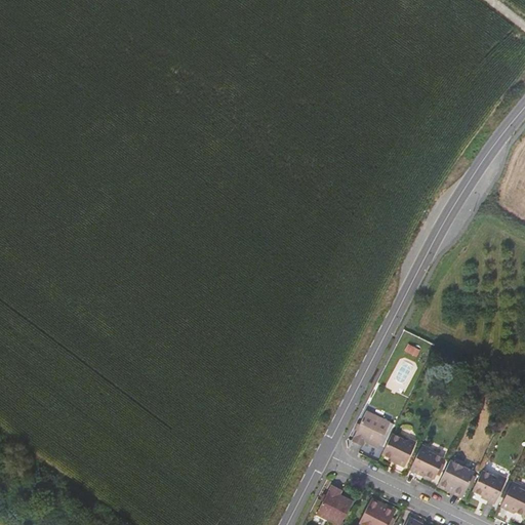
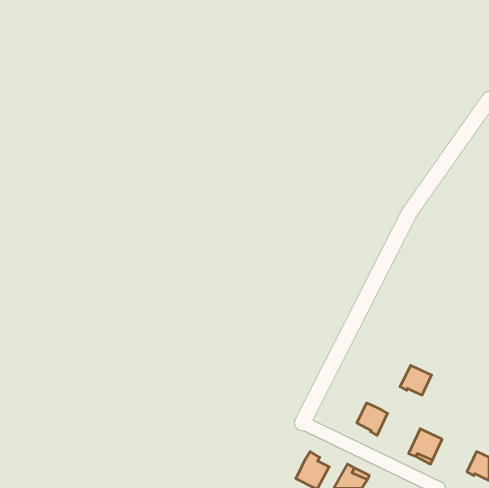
building: [352,410,390,446] -> none
building: [410,446,444,478] -> [400,365,432,395]
building: [472,470,504,503] -> none

